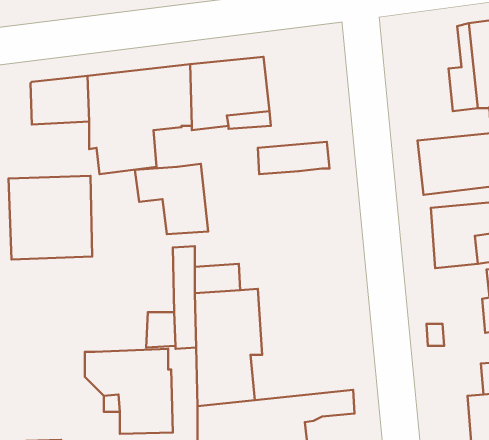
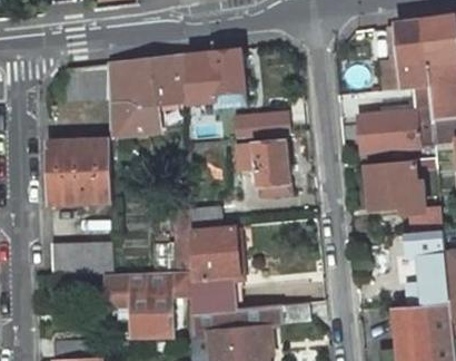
building: [135,164,208,234] -> [235,140,290,194]
building: none -> [50,242,112,275]

